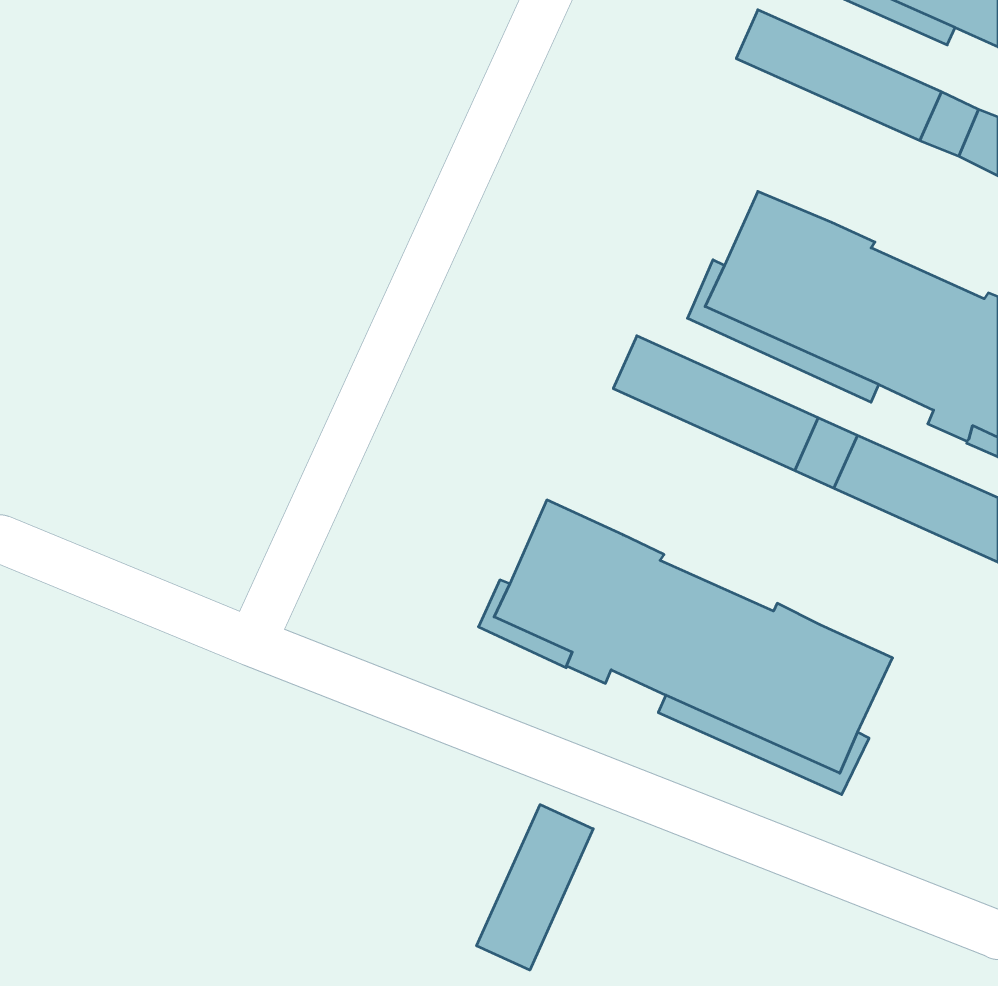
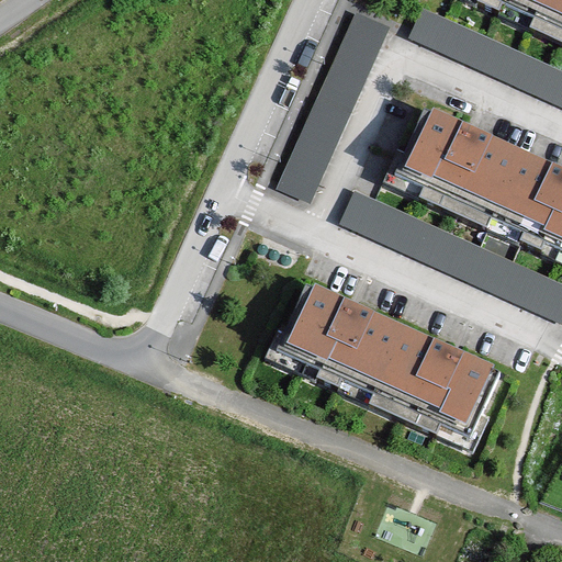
building: none -> [282,11,389,195]
building: [477,805,593,970] -> none

